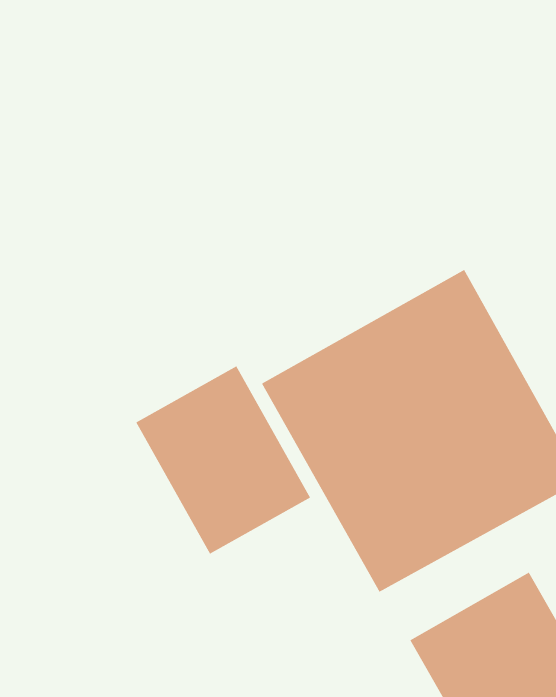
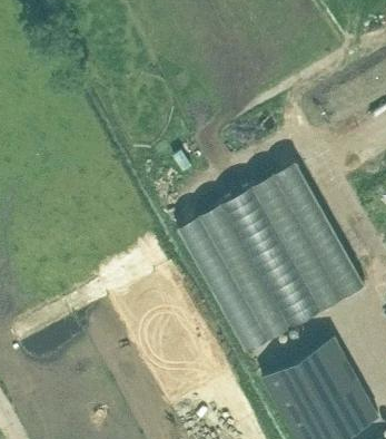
building: [135,365,311,555] -> none

